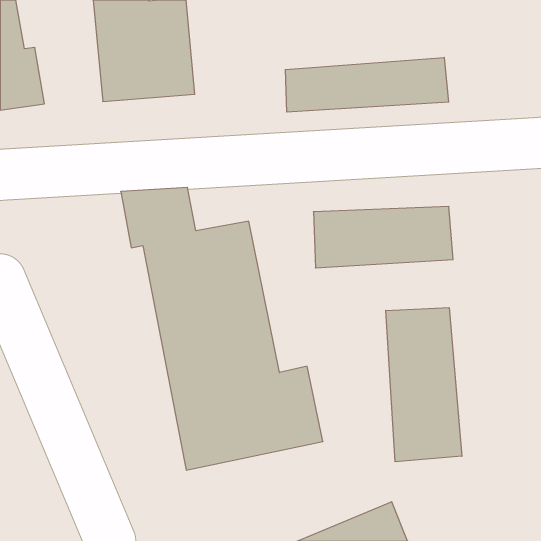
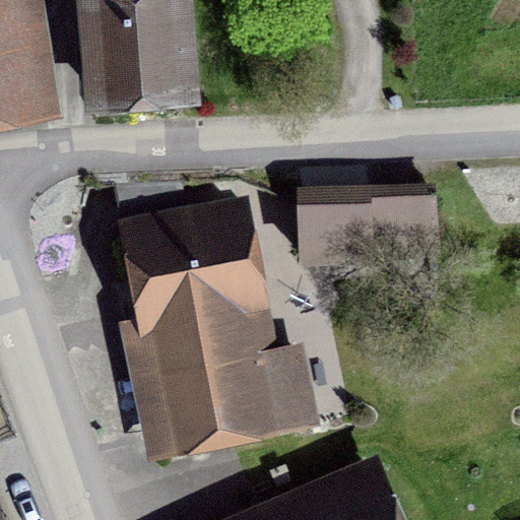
building: [285,57,449,112] -> none
building: [386,308,462,462] -> none

